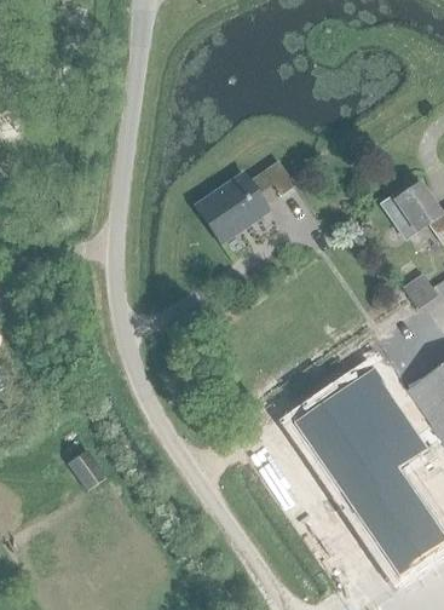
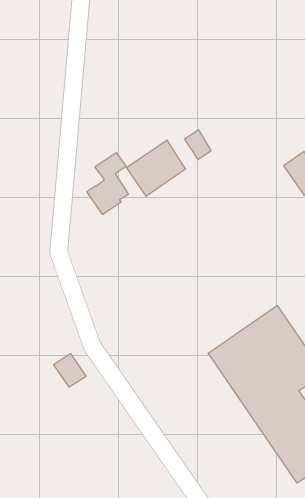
building: none -> [87,152,128,215]
building: [67,450,105,490] -> [54,354,86,387]

